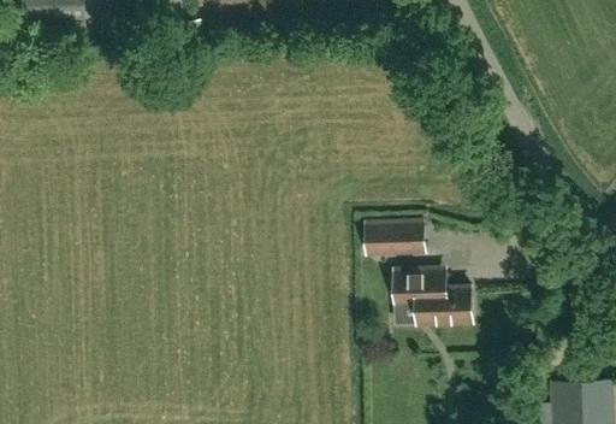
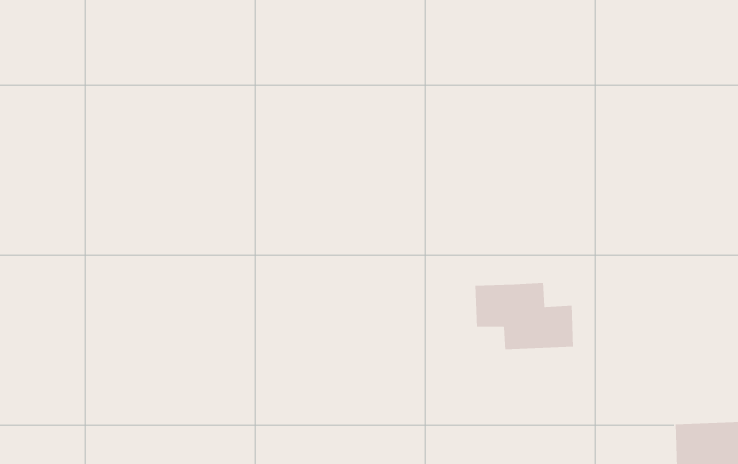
building: [363,222,424,253] -> none

